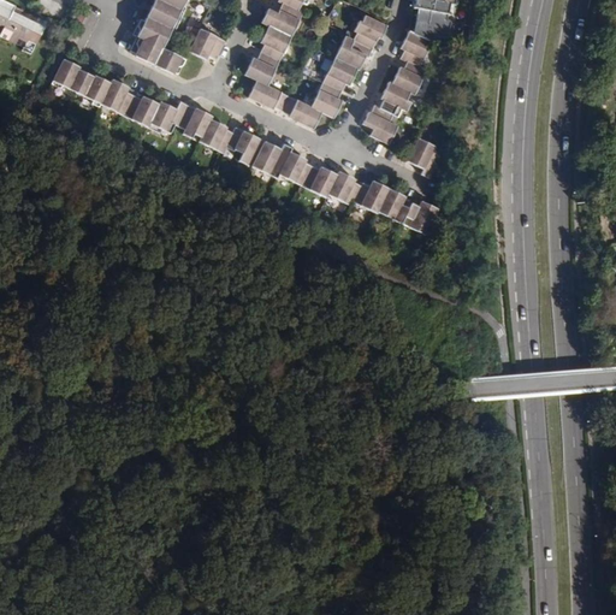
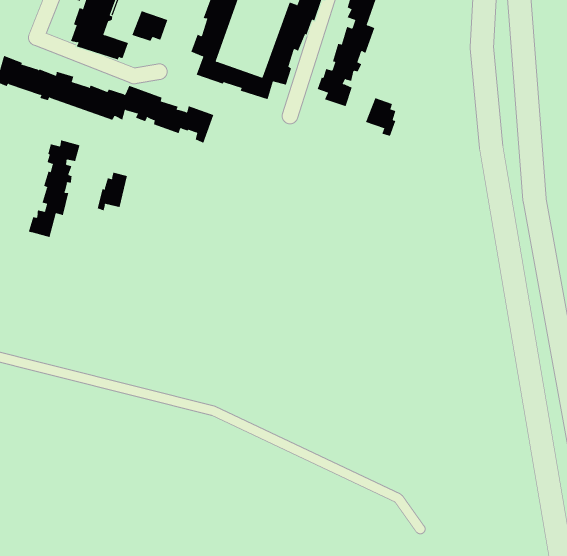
building: [251,140,438,236] -> none
building: none -> [28,140,80,238]
building: none -> [97,172,127,211]

